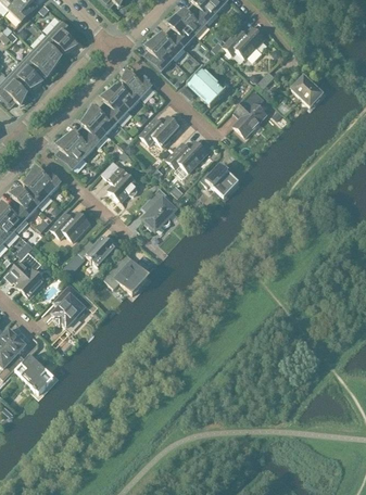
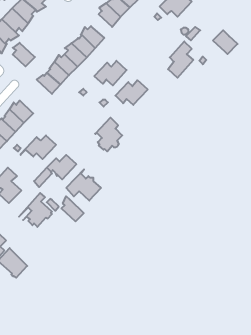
building: [180,50,225,105] -> none
building: [55,138,84,168] -> [13,43,35,66]
building: [101,161,136,204] -> none
building: [199,163,236,191] -> none
building: none -> [62,196,84,221]

